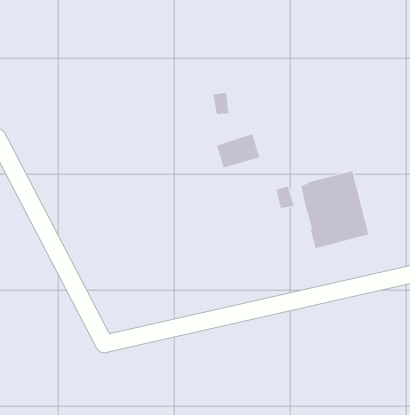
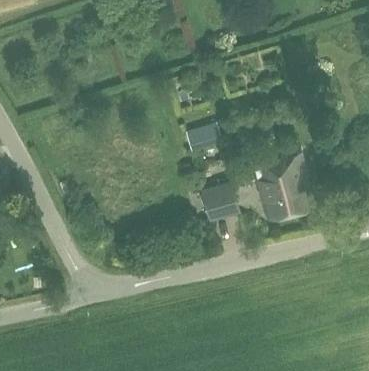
building: none -> [201,184,236,218]

